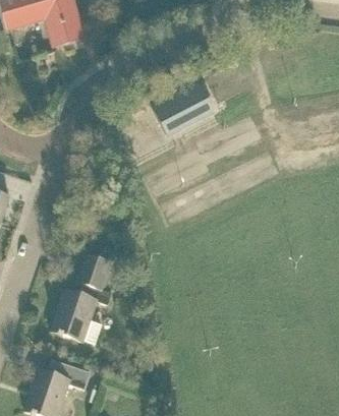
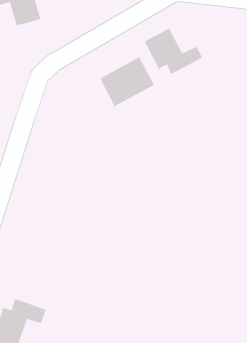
building: none -> [143,28,203,75]
building: [51,254,111,344] -> none

